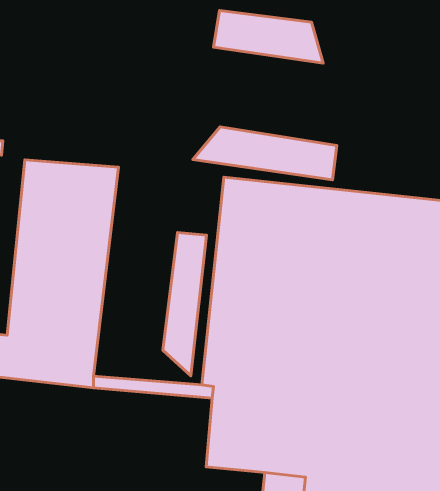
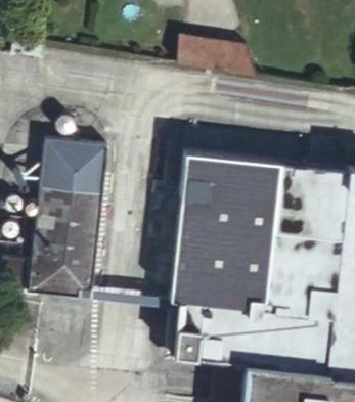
building: [193,127,337,180] -> none
building: [163,233,207,376] -> none

